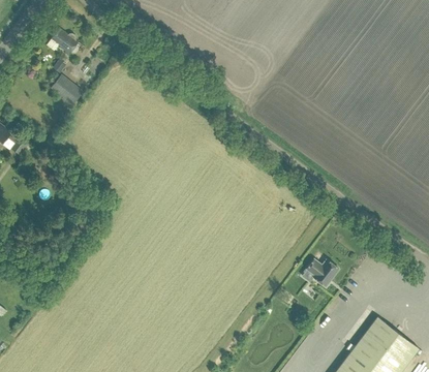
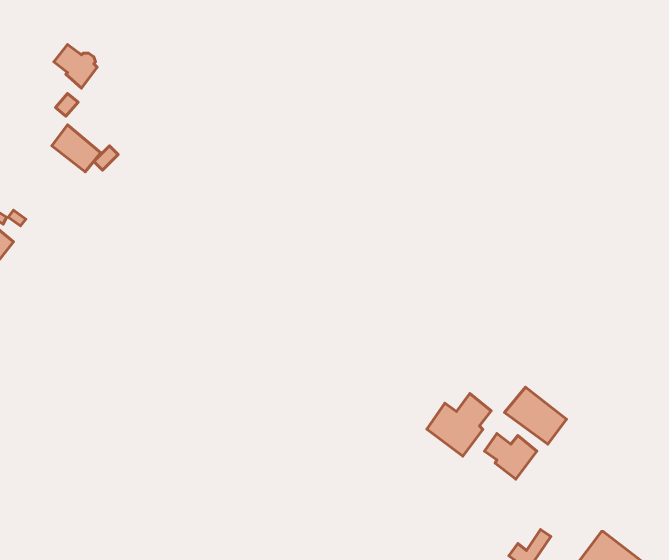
building: none -> [505,387,567,444]
building: none -> [427,394,491,456]

